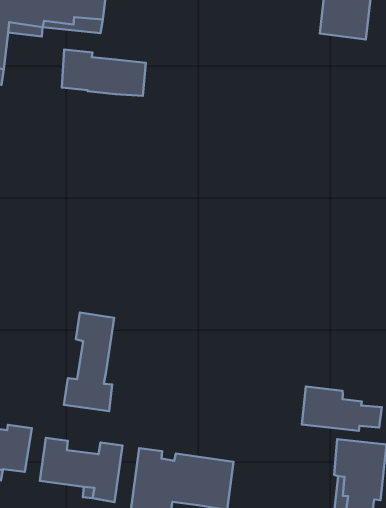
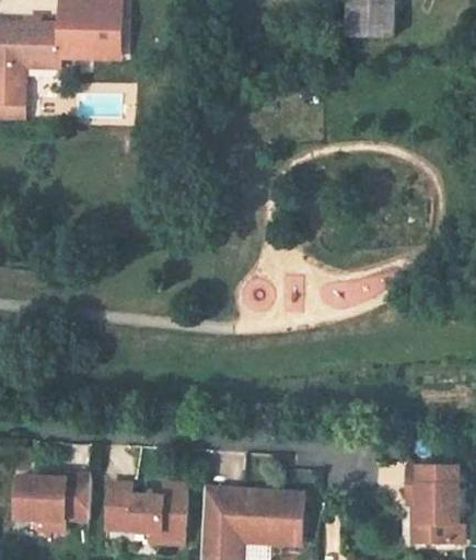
building: [62,50,146,96] -> none
building: [64,313,114,411] -> none
building: [302,386,382,431] -> none

